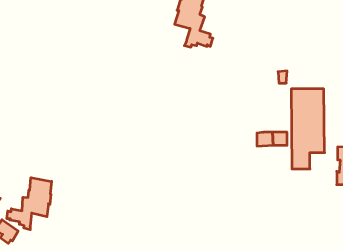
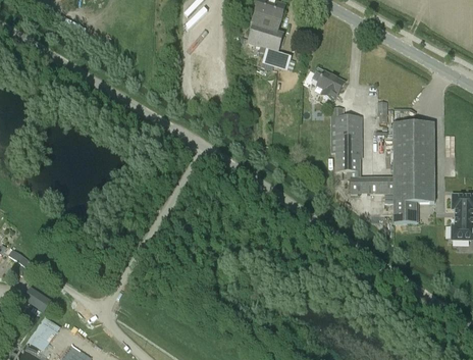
building: none -> [311,66,345,100]
building: none -> [334,115,362,170]
building: [7,178,52,230] -> none

